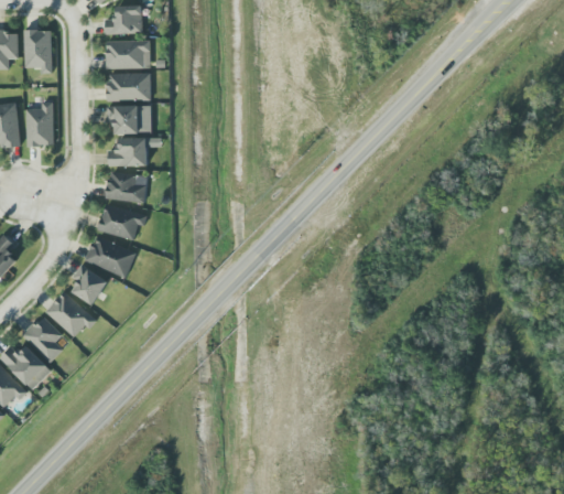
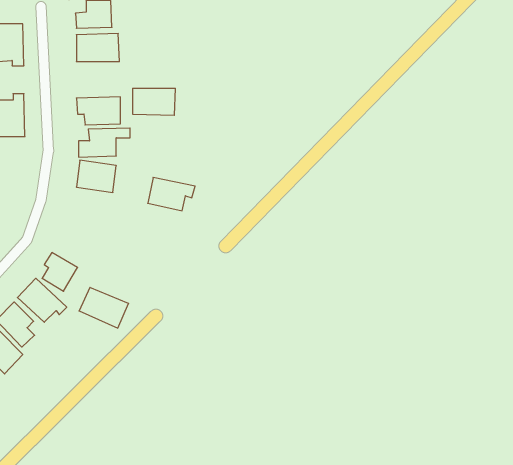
building: [107,73,151,100] -> [133,88,175,115]
building: [98,205,147,239] -> [148,177,195,211]
building: [85,236,135,278] -> [79,287,129,328]

